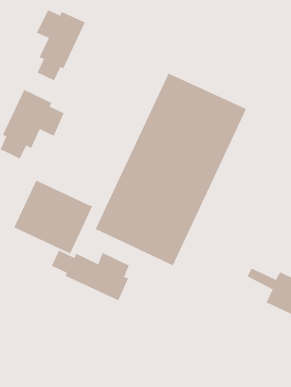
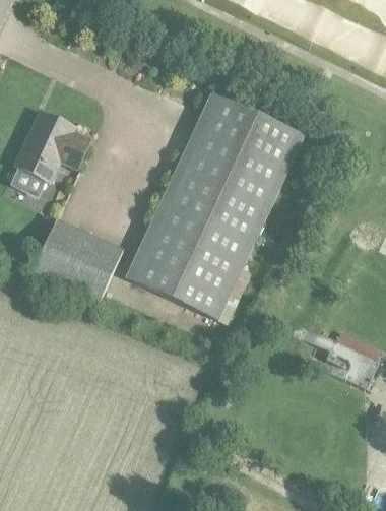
building: [36,10,86,81] -> none
building: [51,250,130,301] -> none

